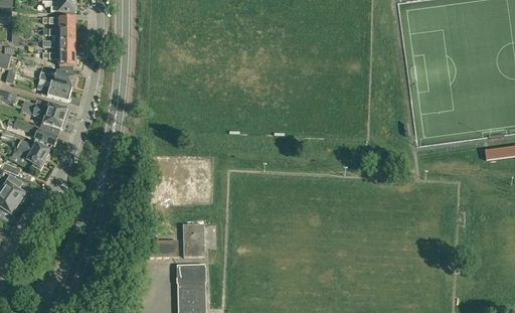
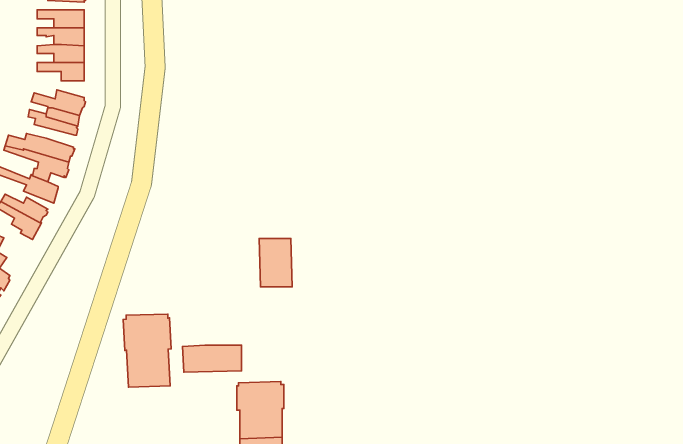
building: none -> [123,314,171,387]
building: [183,223,205,256] -> [259,239,292,287]

